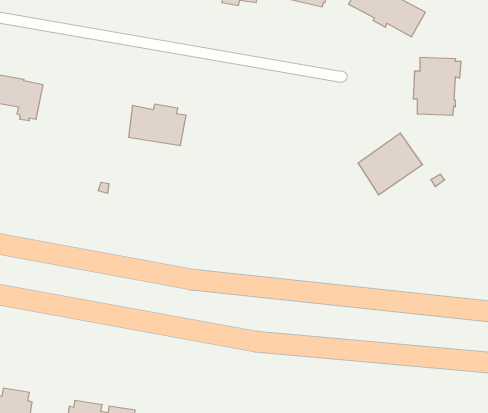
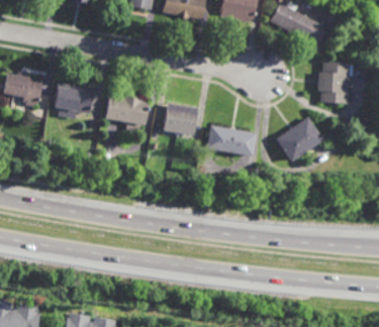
building: none -> [58,83,97,119]
building: none -> [165,102,200,134]
building: none -> [208,125,258,156]

